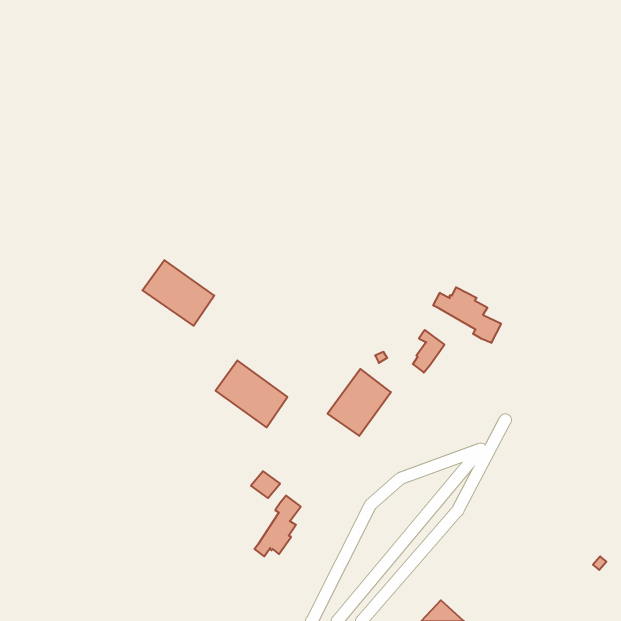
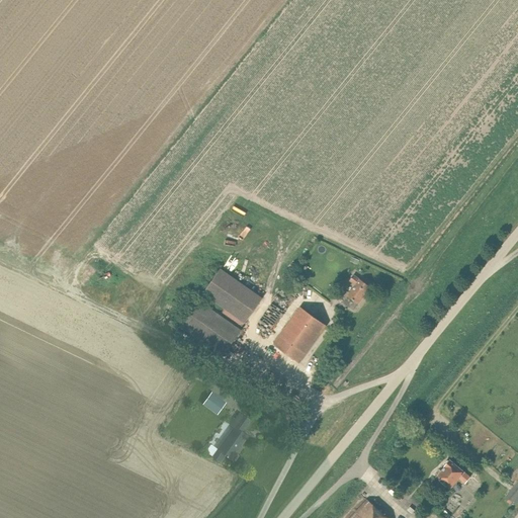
building: [142,260,214,326] -> [201,268,261,323]
building: [433,287,501,343] -> none
building: none -> [435,459,469,490]

